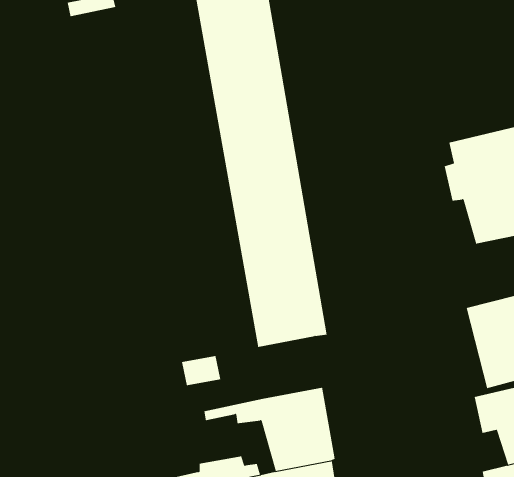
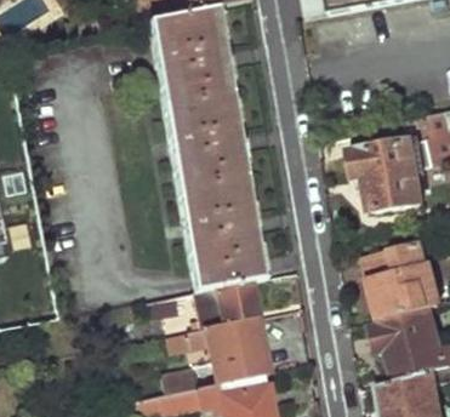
building: none -> [204,282,257,330]

